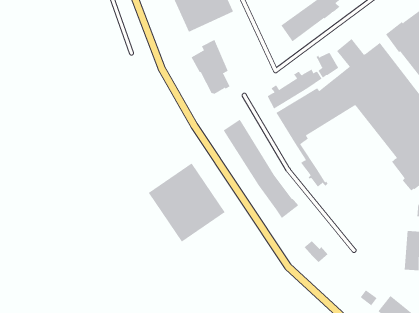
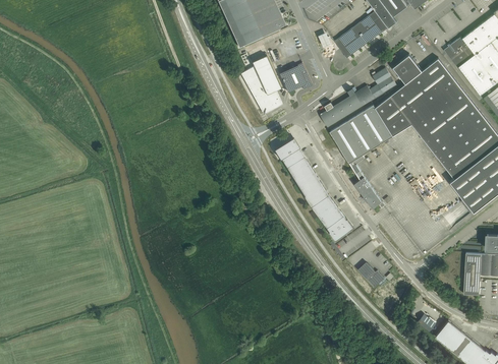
building: none -> [279,63,312,93]
building: [148,162,226,242] -> none

